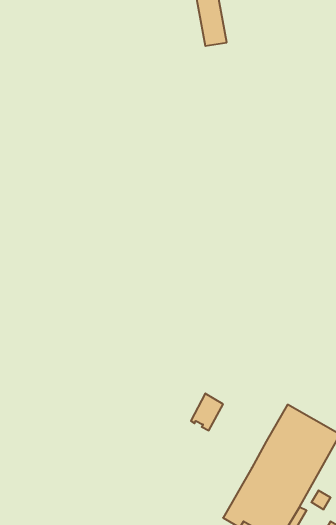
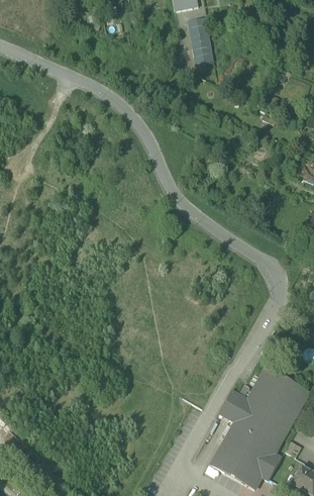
building: [191,393,223,430] -> [220,389,247,420]

